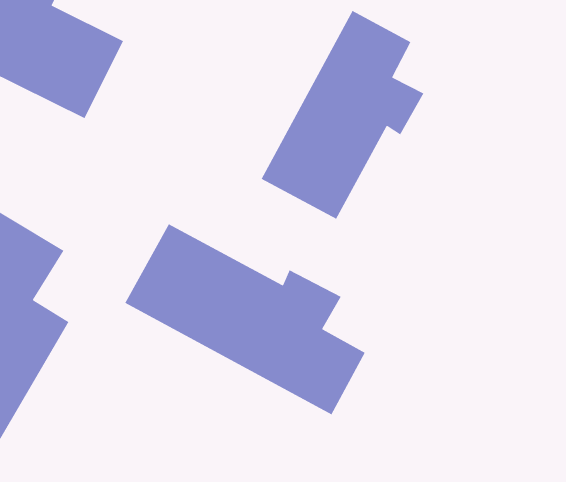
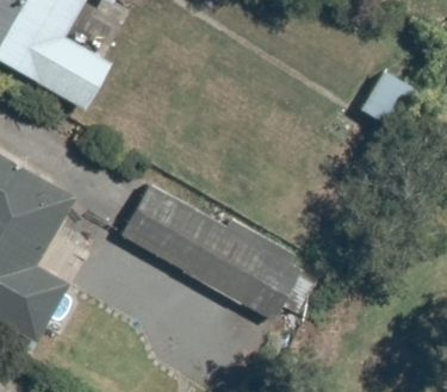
building: [260,10,425,220] -> none

